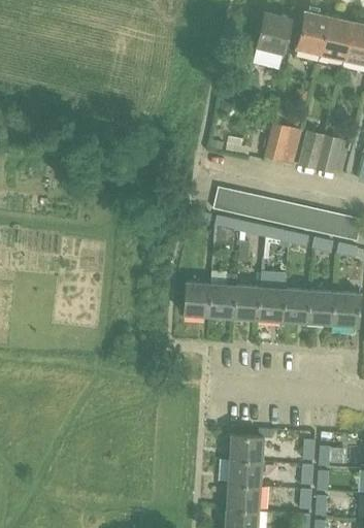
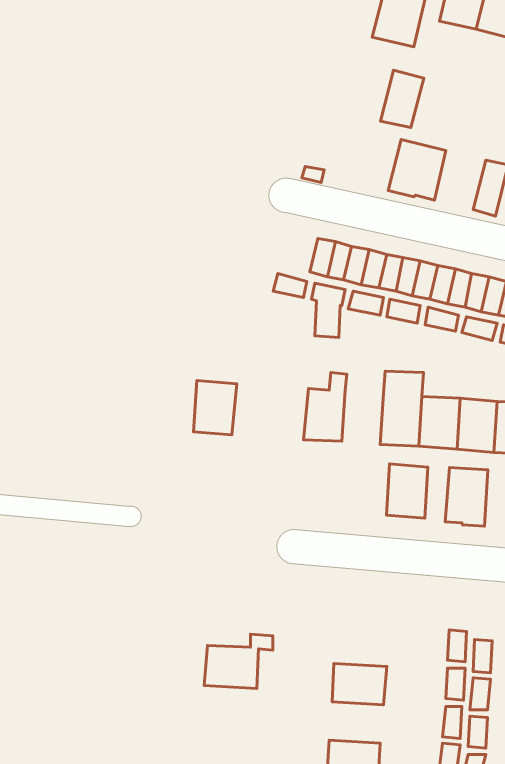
building: [299,131,327,168] -> [381,70,424,128]
building: [185,282,212,317] -> [194,381,237,435]
building: [234,285,261,320] -> [386,464,428,518]
building: none -> [445,467,488,526]
building: [229,428,273,463] -> [204,634,273,689]
building: [226,486,261,513] -> none

